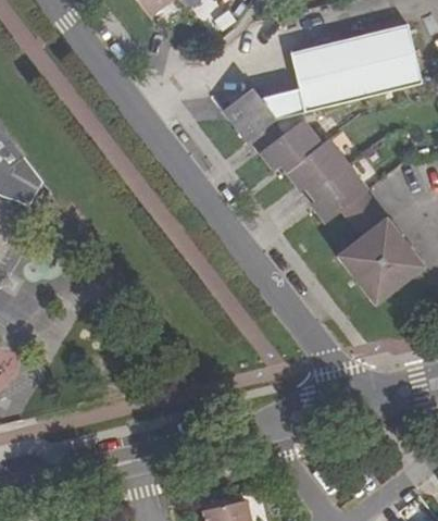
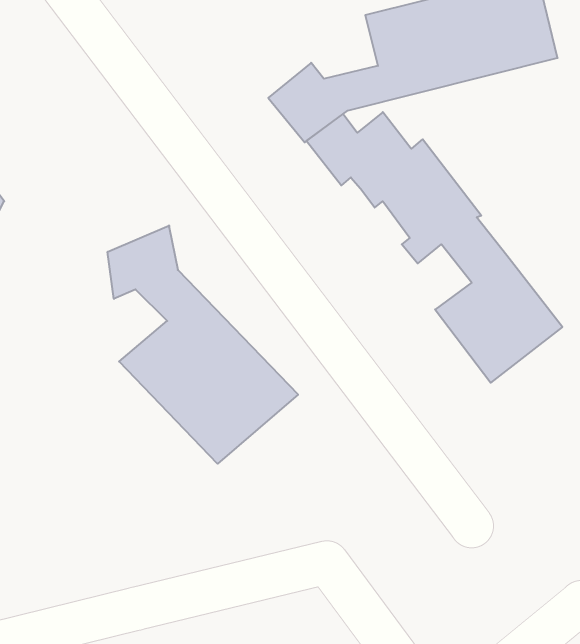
building: none -> [108,225,298,464]

